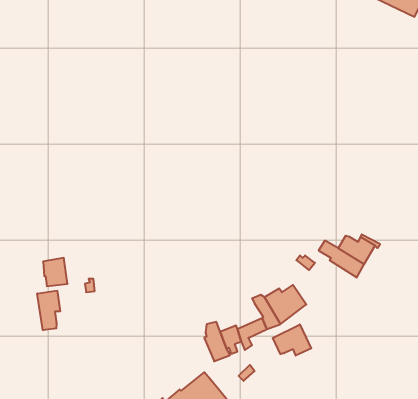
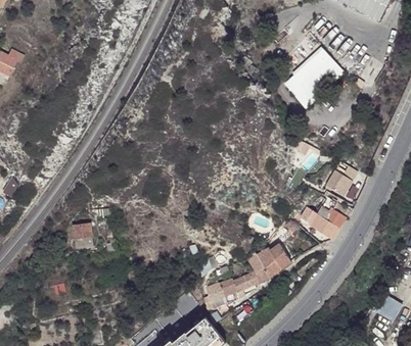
building: none -> [284,50,345,108]
building: none -> [324,166,354,200]
building: [37,291,60,330] -> none
building: [273,324,311,356] -> none

